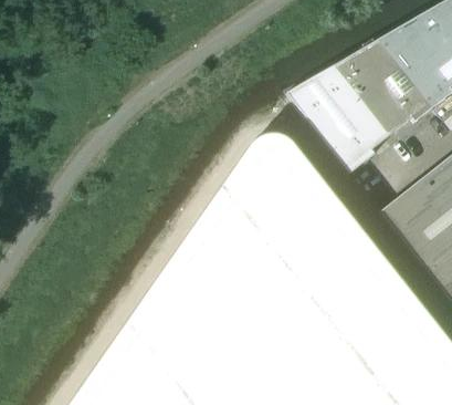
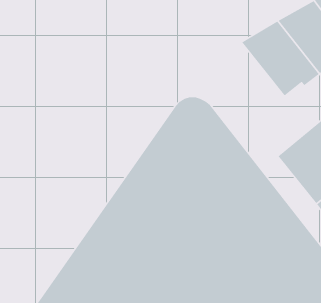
building: [288,65,391,173] -> none

